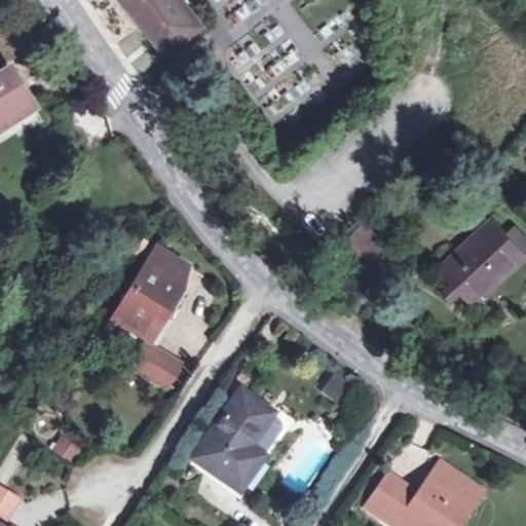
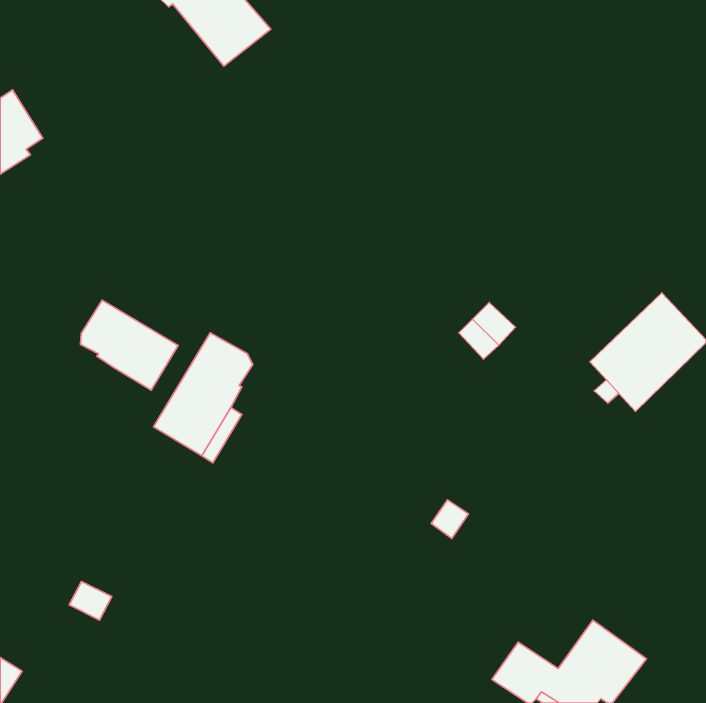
building: none -> [81,300,178,390]
building: [133,344,181,388] -> none
building: [194,389,280,488] -> none

